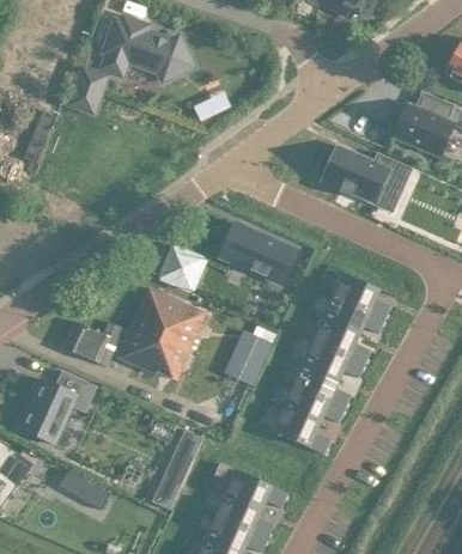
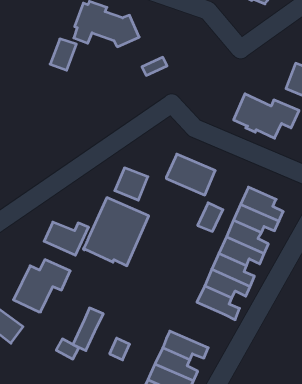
building: [236,333,270,372] -> [198,203,223,231]
building: [160,428,202,487] -> [73,308,103,351]

